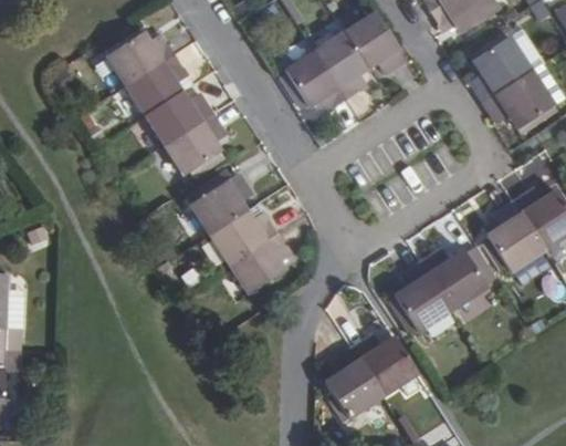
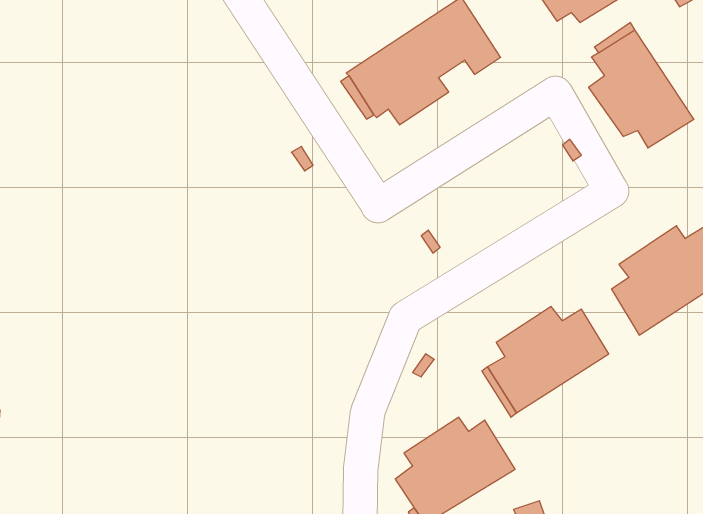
building: [105,30,224,174] -> none
building: [191,176,289,302] -> none

